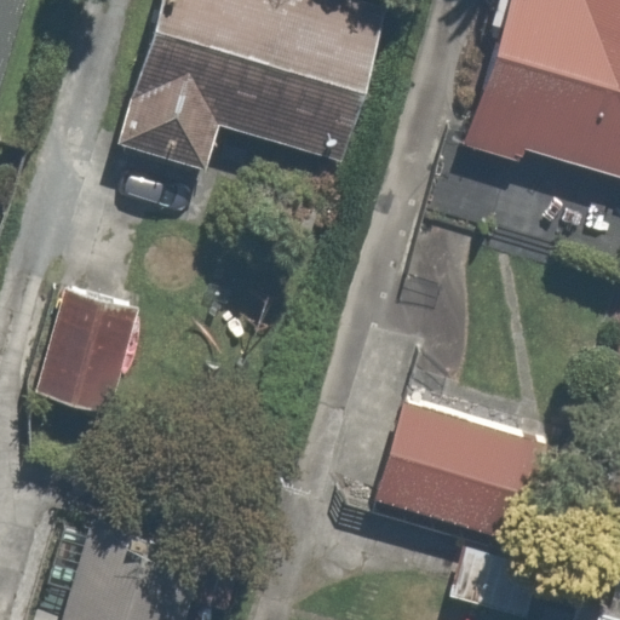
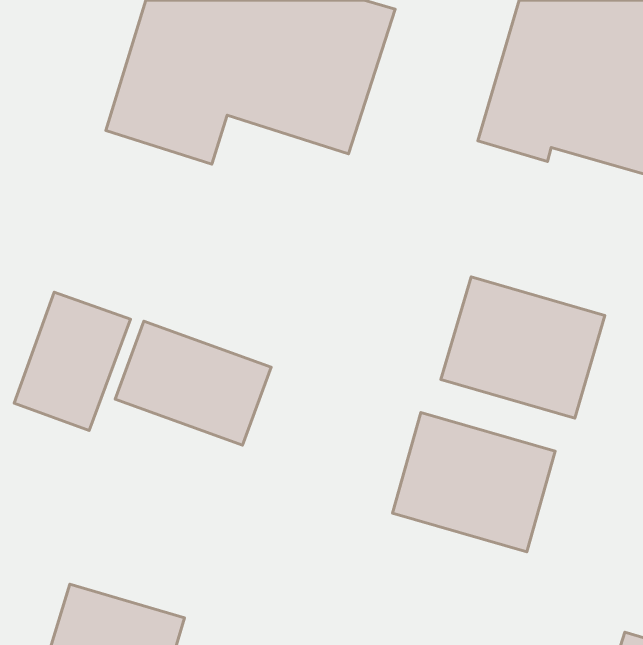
building: none -> [441,277,605,418]
building: none -> [115,321,271,445]

